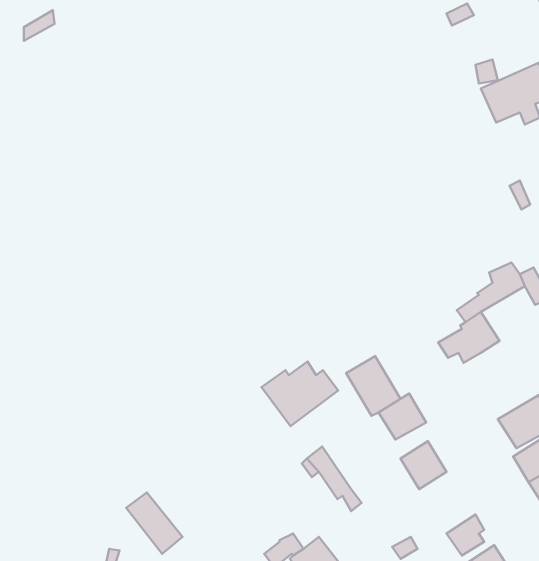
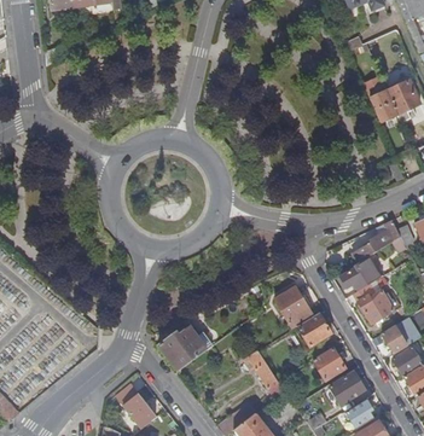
building: none -> [352,284,393,324]
building: [262,362,338,426] -> [156,326,210,372]
building: none -> [329,371,365,406]

